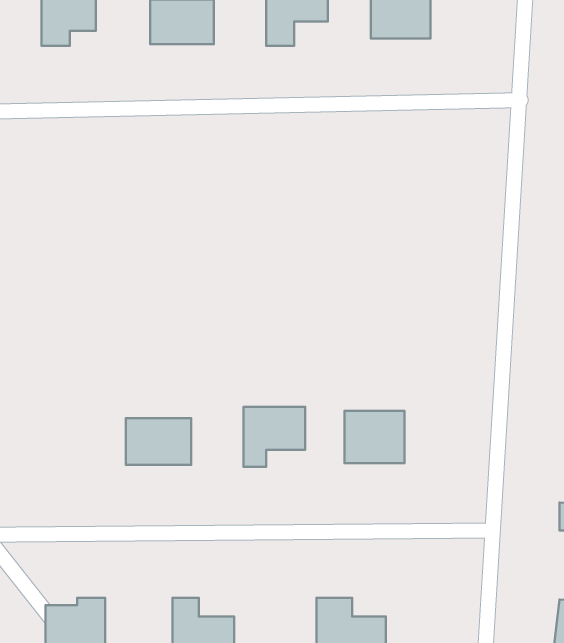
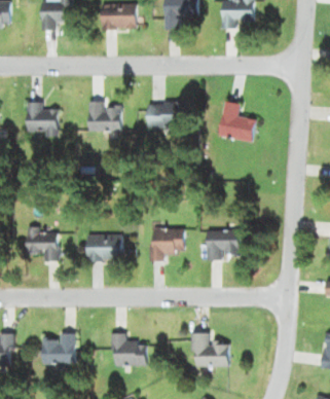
building: none -> [217,101,256,143]
building: none -> [25,103,57,134]
building: none -> [86,103,120,131]
building: none -> [146,103,185,128]
building: none -> [26,226,58,261]

